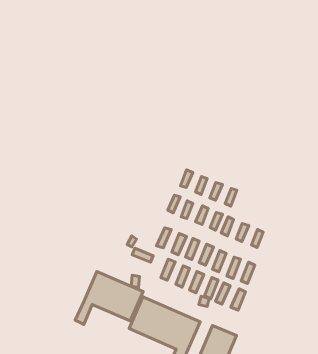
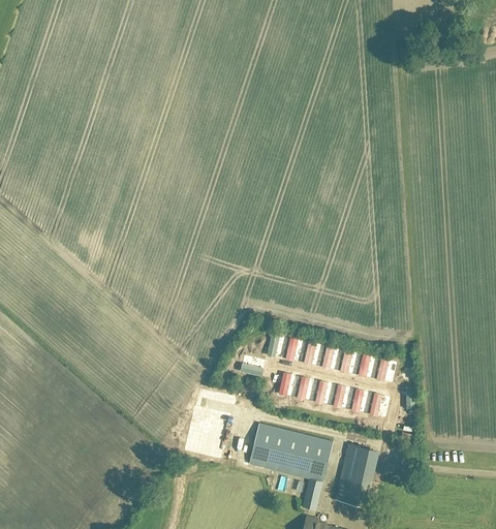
building: [75,271,143,325] -> none

